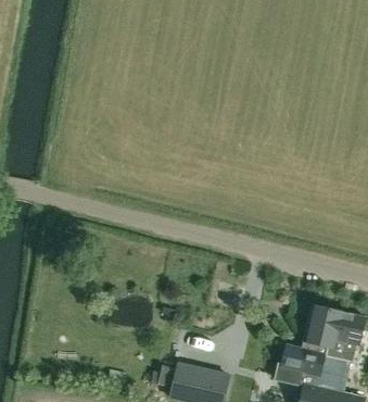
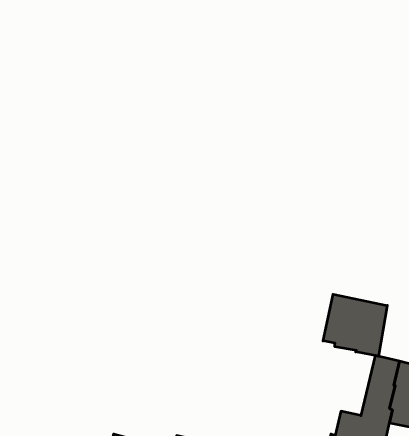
building: none -> [323,294,387,356]

